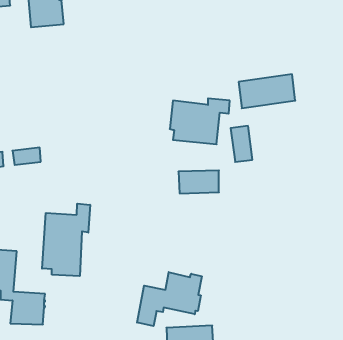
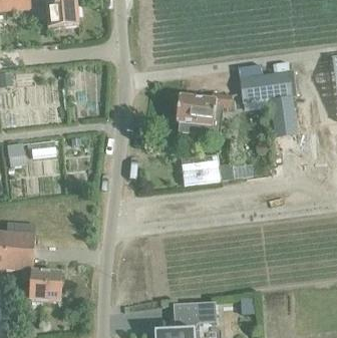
building: [231,126,252,162] -> [276,99,296,132]
building: [42,204,90,276] -> none
building: [137,272,202,326] -> none

